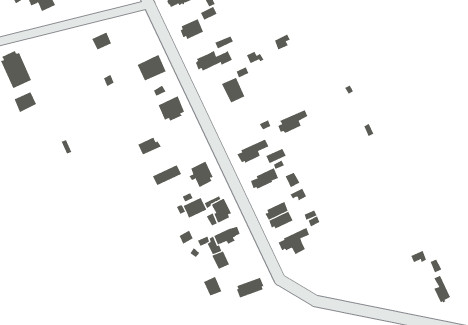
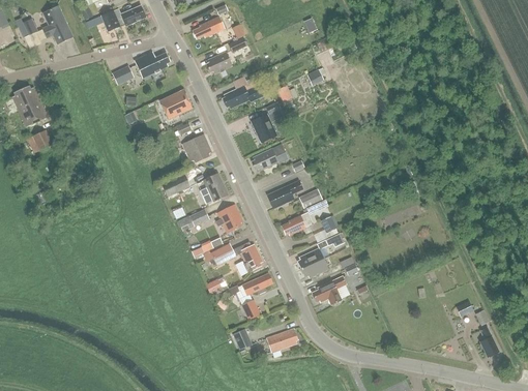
building: none -> [134,51,170,77]
building: [277,109,308,133] -> [252,144,285,170]
building: none -> [199,173,228,204]

